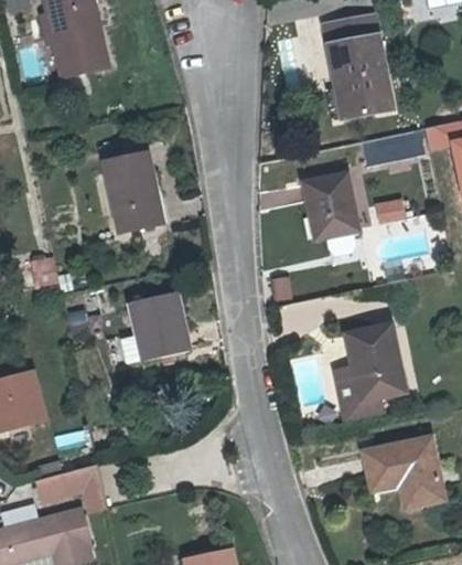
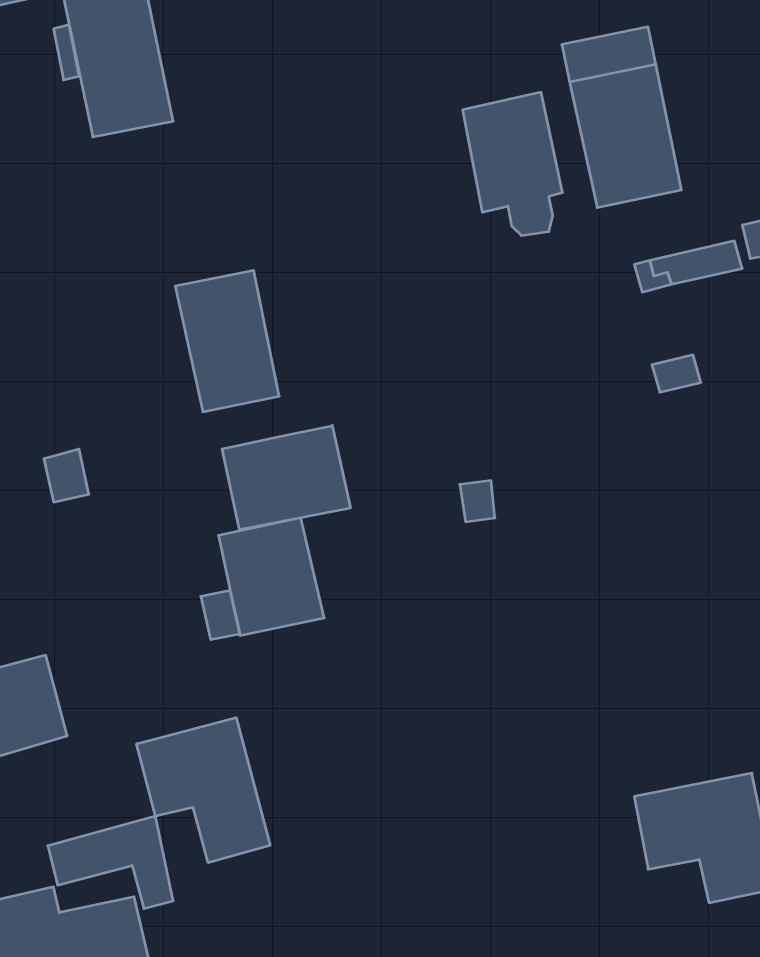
building: [301,175,357,256] -> [463,92,563,236]
building: none -> [222,425,350,530]
building: [334,326,407,424] -> none
building: none -> [137,718,270,863]

